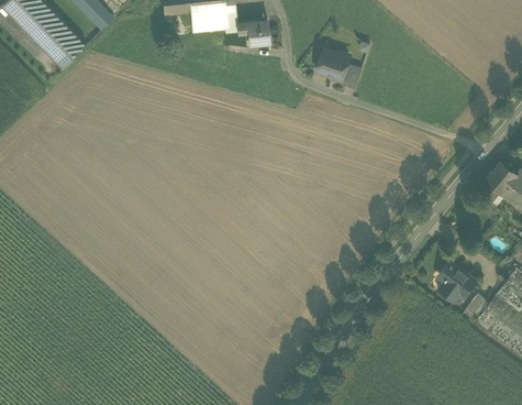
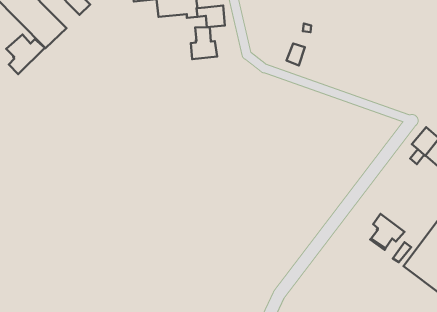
building: none -> [191,27,217,59]
building: [316,50,351,78] -> none
building: none -> [6,34,45,74]

